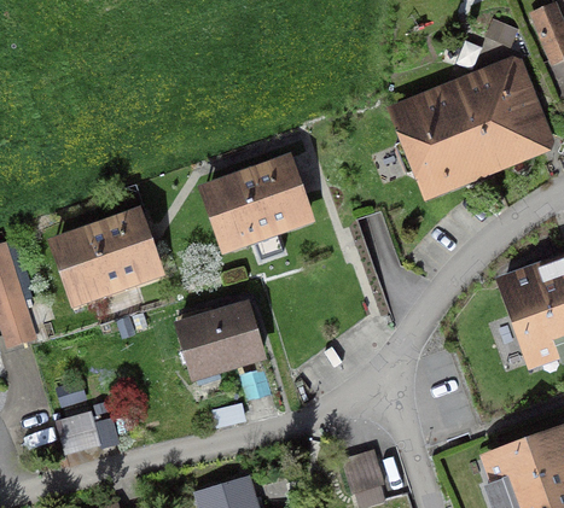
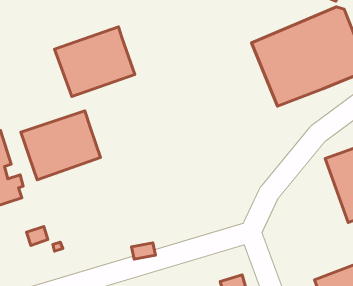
building: [197,153,315,256] -> [54,27,135,97]
building: [174,302,267,383] -> none
building: [56,410,120,455] -> none

